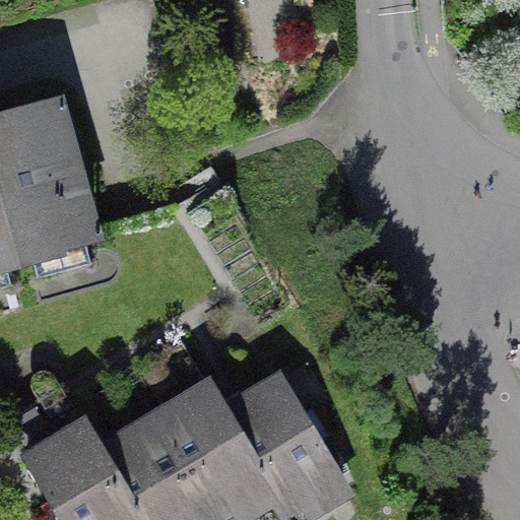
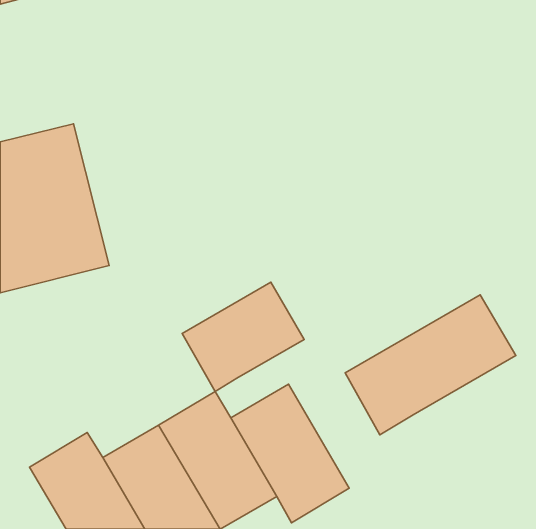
building: none -> [182,282,304,392]
building: none -> [345,295,516,435]

